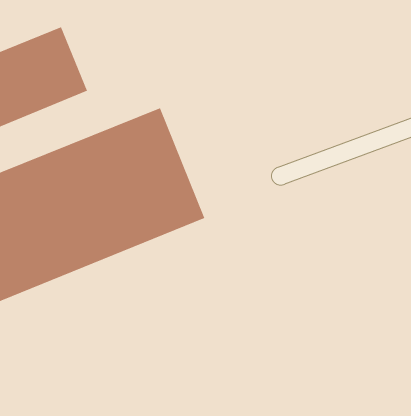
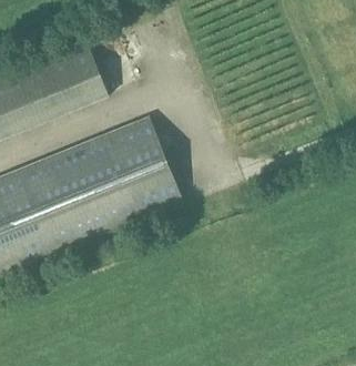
building: none -> [68,43,108,102]

